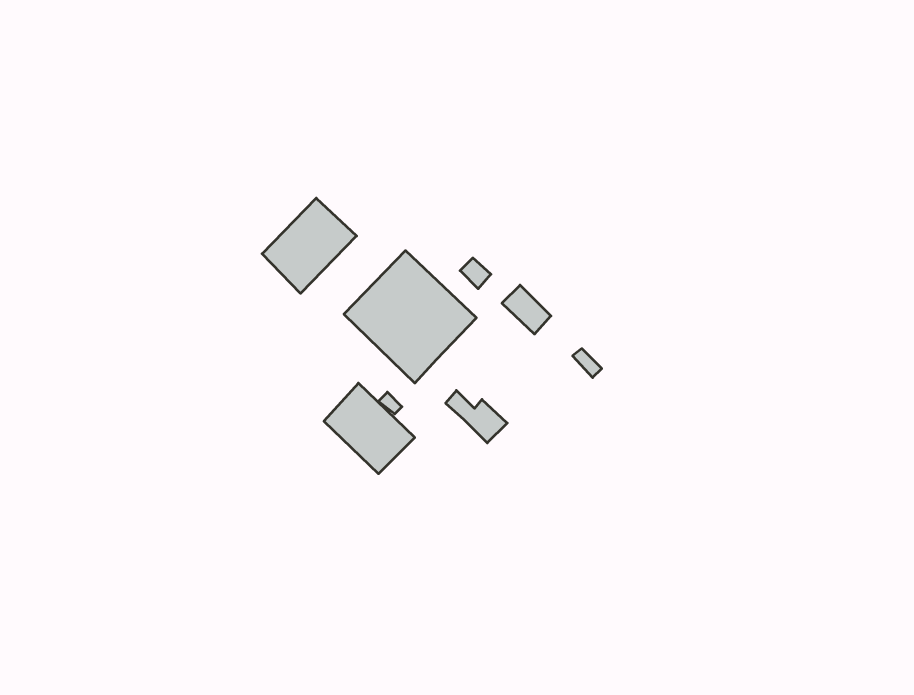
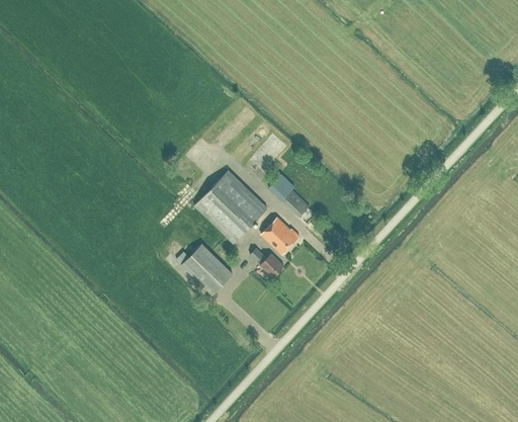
building: [262,198,357,293] -> none
building: none -> [261,217,298,253]

